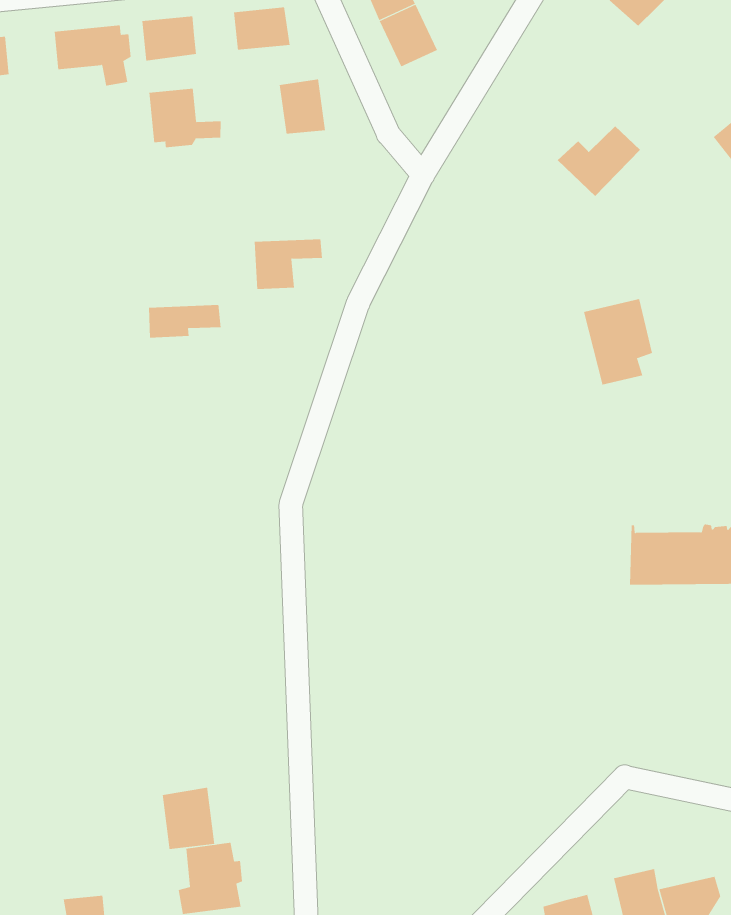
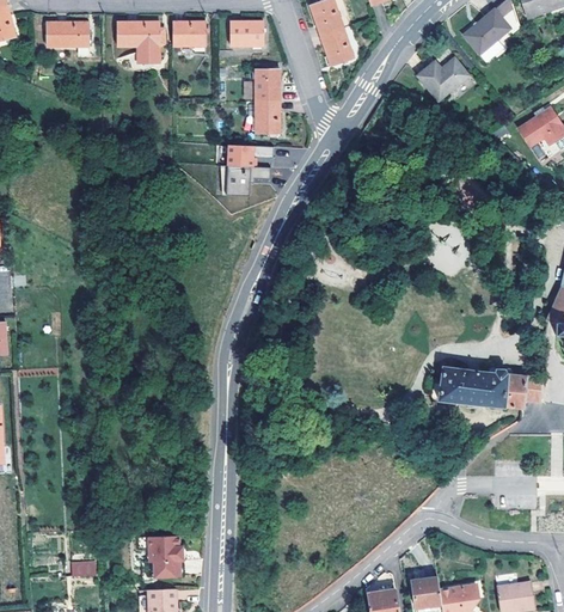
building: [149,88,221,148] -> none
building: [557,125,641,197] -> [416,59,468,102]
building: none -> [246,100,280,133]
building: [148,304,221,338] -> [228,143,274,164]
building: [162,787,215,850] -> none

